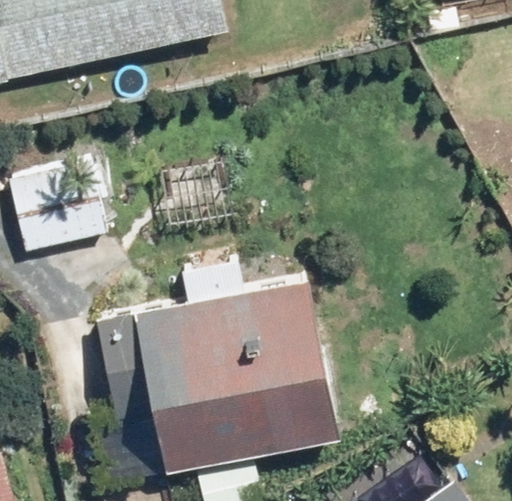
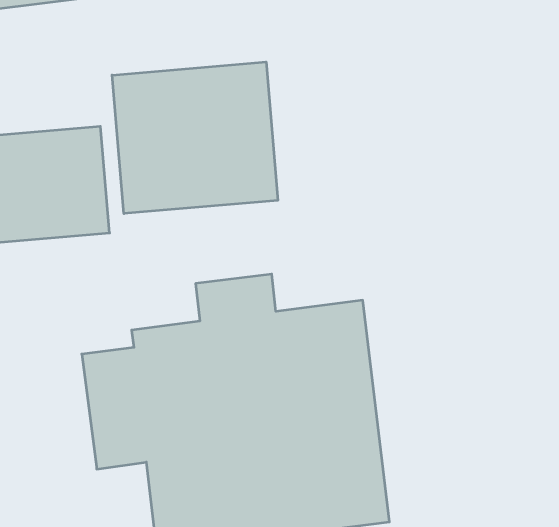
building: none -> [112,62,278,214]

